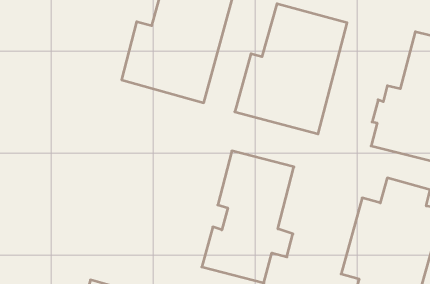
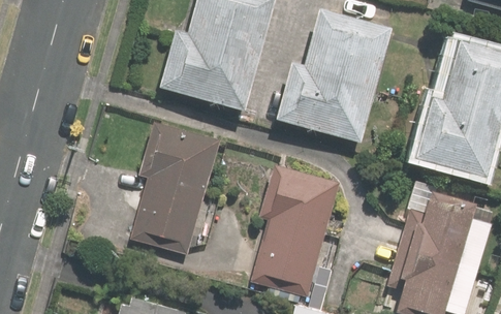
building: none -> [131,121,220,251]

